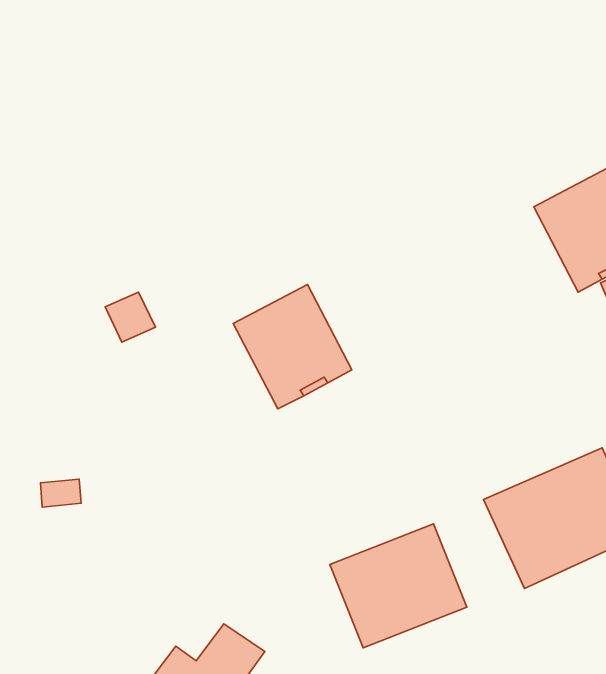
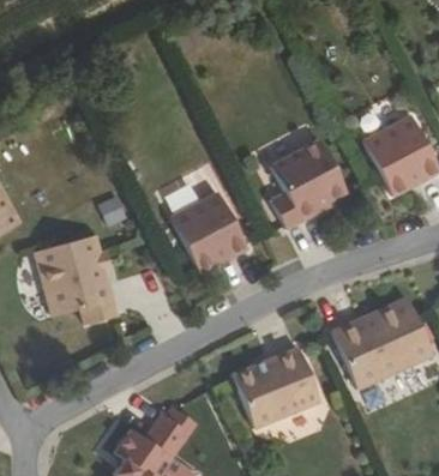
building: none -> [272,140,349,229]
building: none -> [37,234,120,324]

